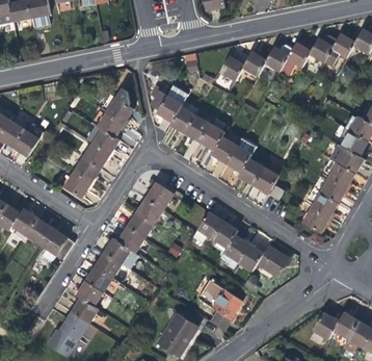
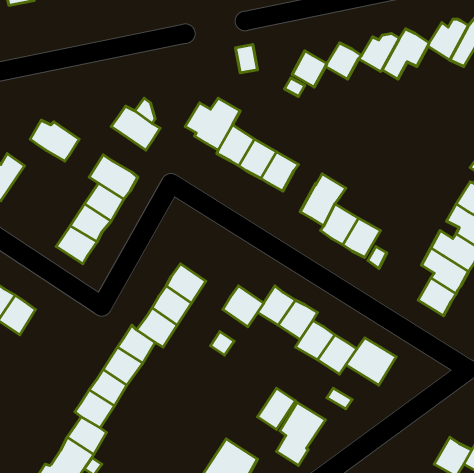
building: [91,110,124,137] -> [30,120,79,161]
building: [211,131,239,163] -> none
building: [147,182,174,209] -> [223,286,264,327]
building: [41,228,75,259] -> none

